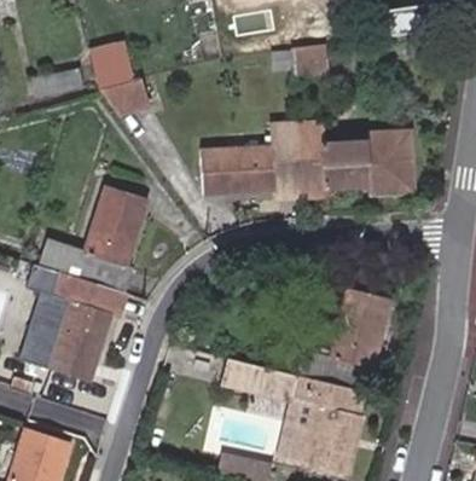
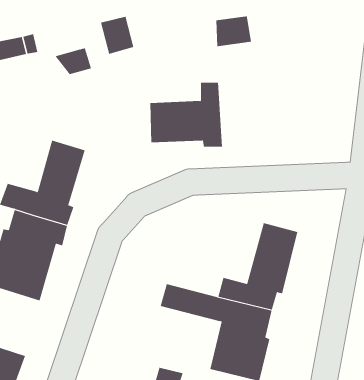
building: [93,47,133,92] -> [100,16,134,55]
building: [295,120,410,198] -> none

